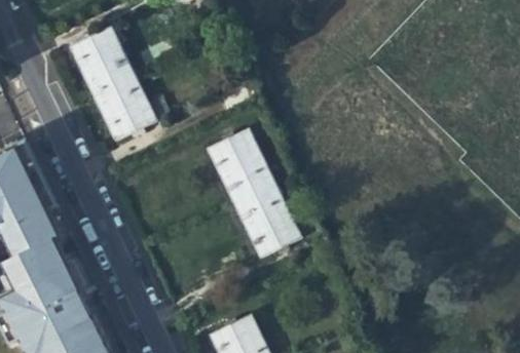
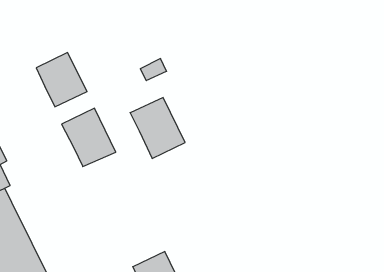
building: [71,28,132,93] -> none
building: [234,184,300,254] -> [62,108,116,167]

